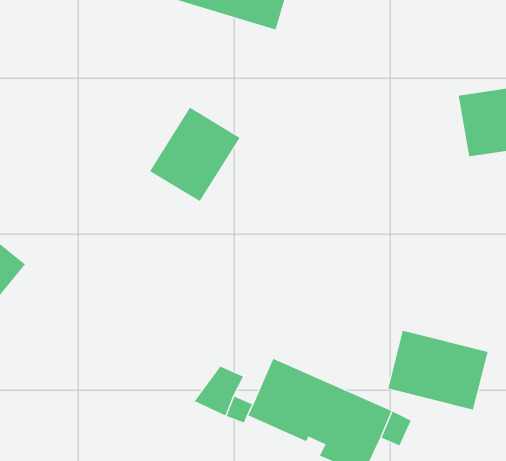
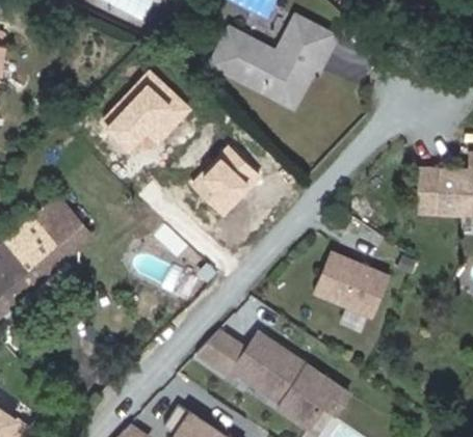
building: none -> [102,72,188,148]
building: [387,330,488,410] -> [312,254,388,320]

